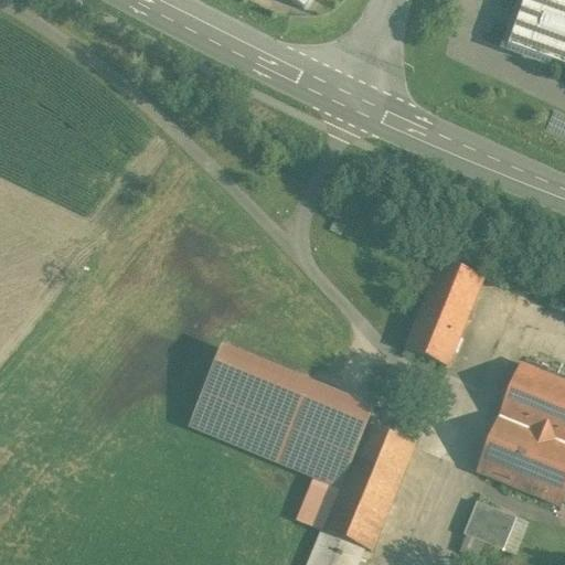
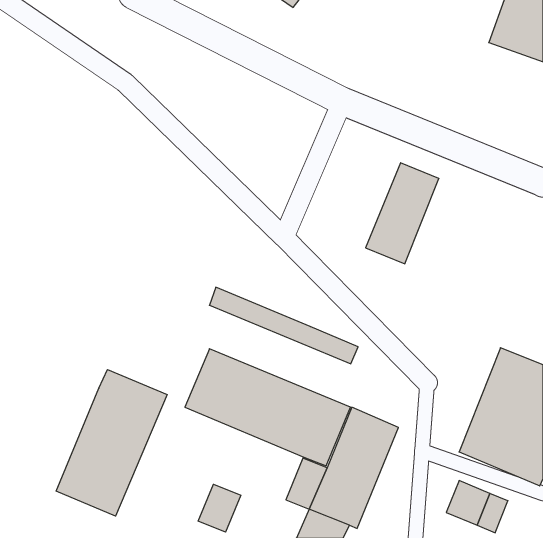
building: [405,258,481,363] -> [366,163,439,264]
building: [217,343,372,423] -> [209,287,358,364]
building: none -> [56,370,167,516]
building: none -> [198,484,241,532]

